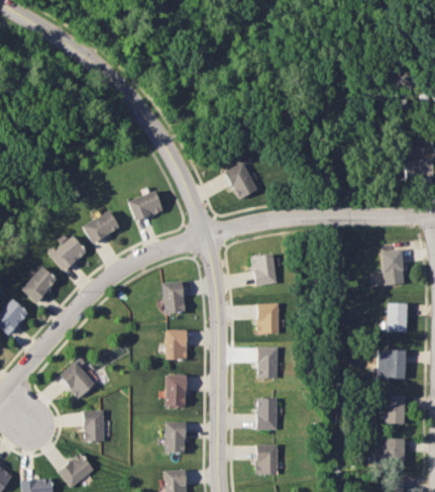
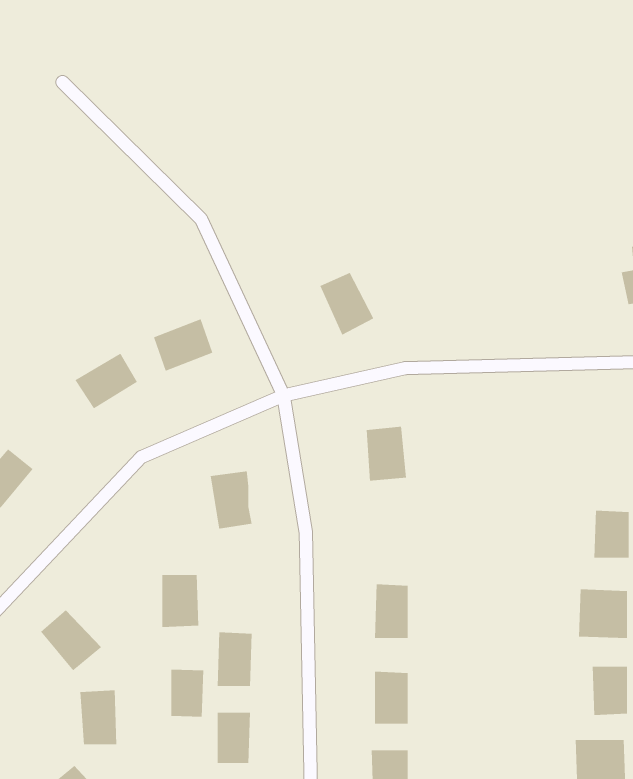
building: [47,234,85,272] -> none
building: [382,250,404,285] -> none
building: [256,303,280,334] -> none
building: [165,329,187,361] -> [162,574,199,627]
building: none -> [171,669,204,717]

